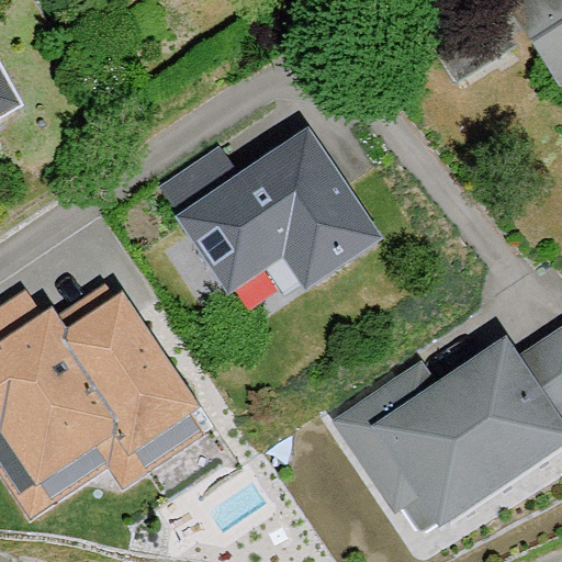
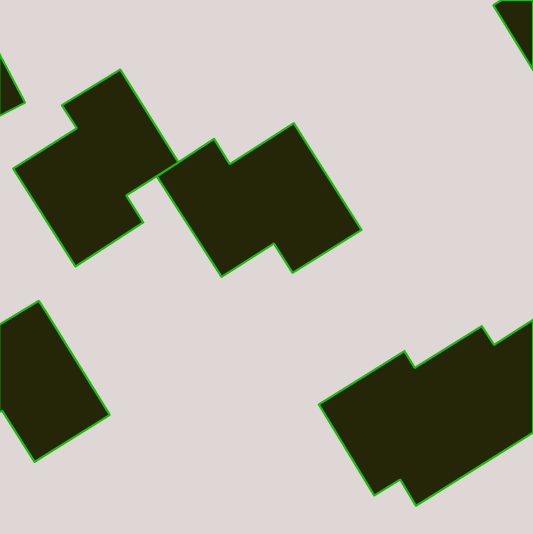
building: none -> [13,69,178,267]
building: [48,283,198,453] -> none

